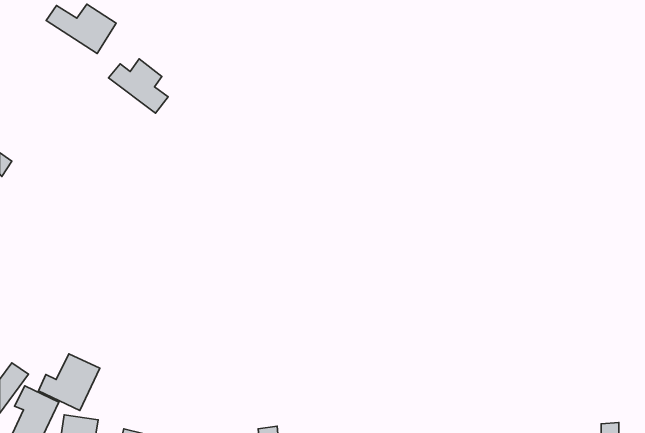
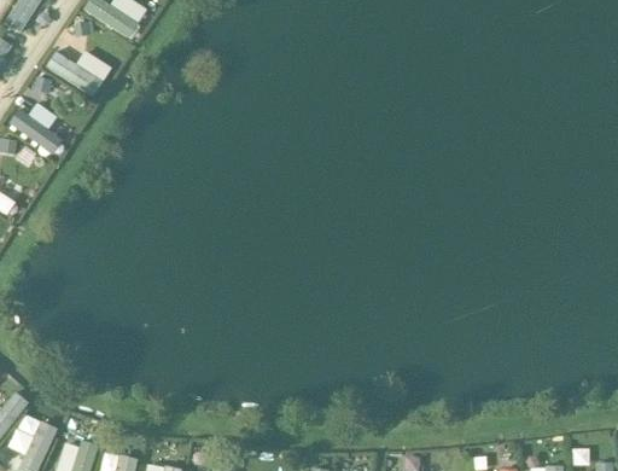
building: [109,59,168,113] -> [7,104,64,156]
building: [38,354,100,410] -> none

